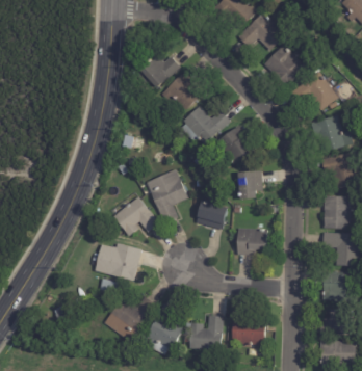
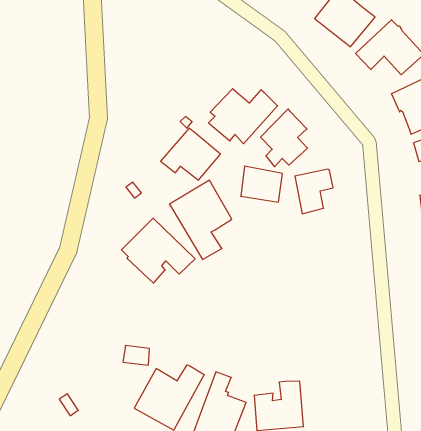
building: [137,53,180,88] -> none
building: [160,72,203,109] -> [161,128,220,180]
building: [196,201,227,229] -> [241,166,282,202]
building: [237,228,267,255] -> none
building: [95,242,140,280] -> none
building: [232,316,266,345] -> none

